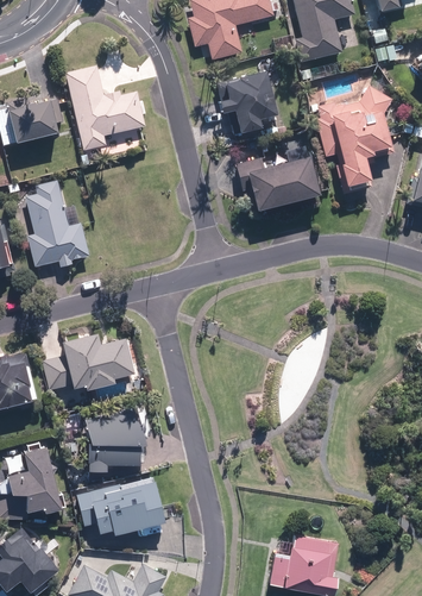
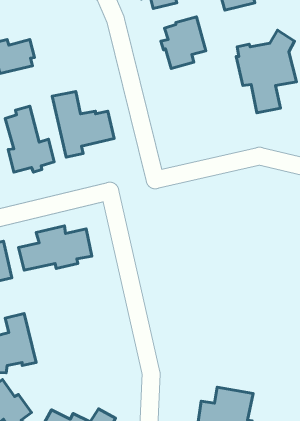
building: [65,68,144,151] -> [52,91,114,157]
building: [237,149,320,212] -> none
building: [87,406,149,470] -> none
building: [76,477,166,533] -> none

